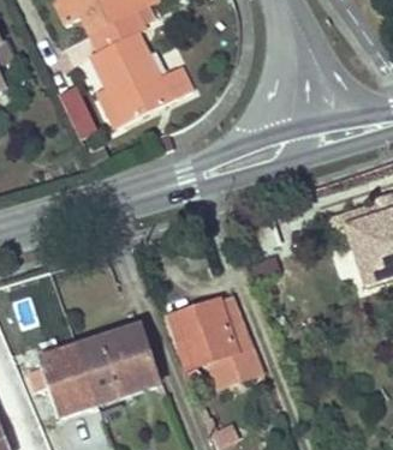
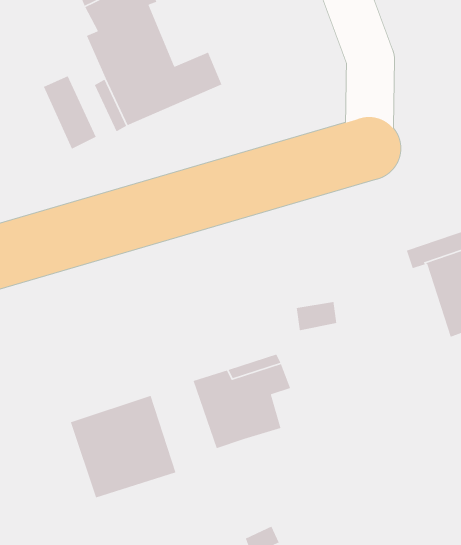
building: [209,320,262,384] -> none
building: [40,346,96,415] -> none

